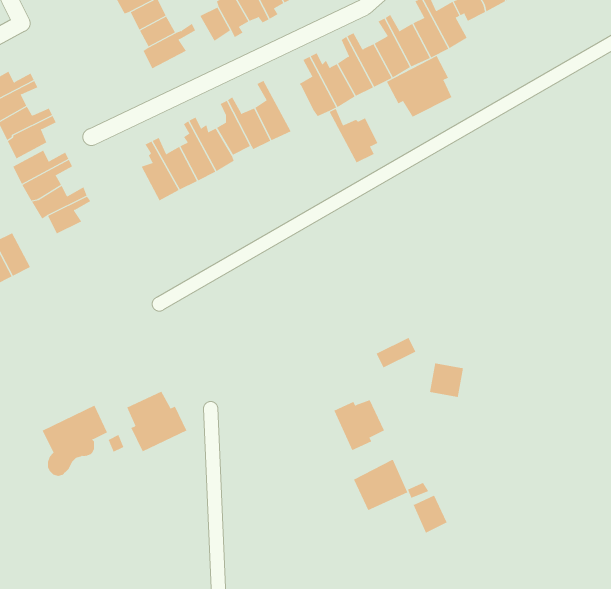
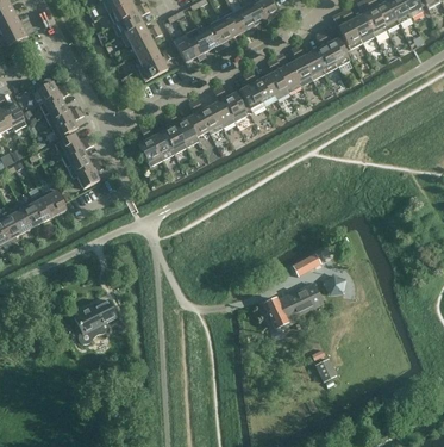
building: [386,55,452,117] -> none
building: [329,108,378,163] -> [218,86,250,122]
building: [127,391,187,452] -> none
building: [353,459,408,511] -> [287,283,323,316]

